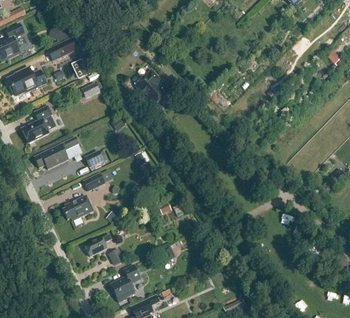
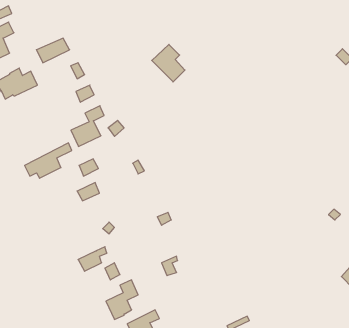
building: [136,70,167,105] -> [152,44,185,82]
building: [22,105,53,143] -> [71,106,104,146]
building: [64,195,94,220] -> none

